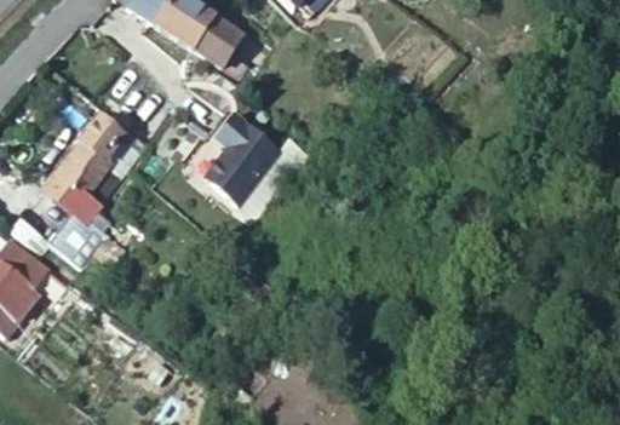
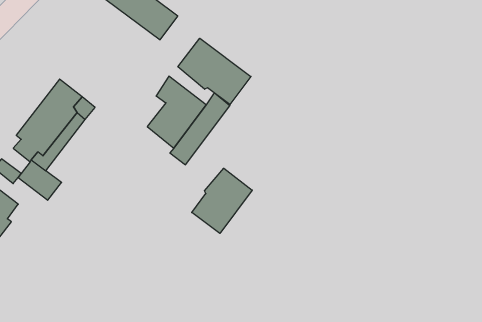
building: none -> [178,38,251,105]
building: none -> [192,168,252,233]

